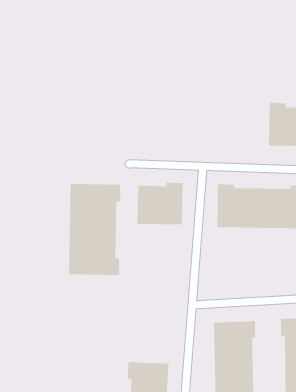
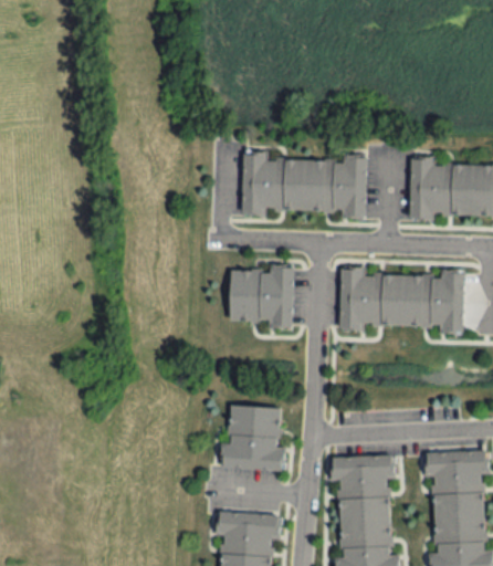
building: none -> [241,153,367,216]
building: [68,183,121,276] -> none
building: none -> [222,406,283,470]

